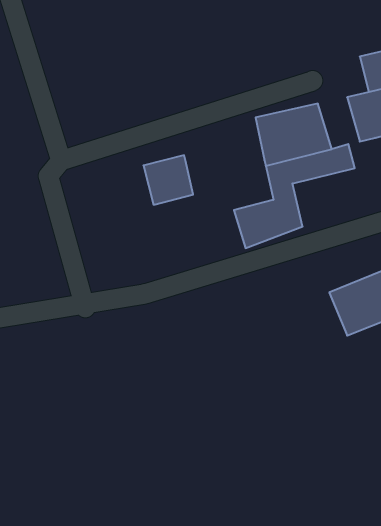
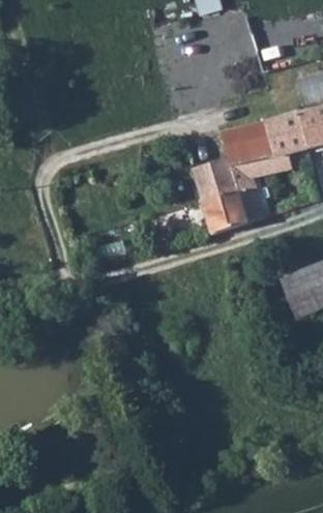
building: none -> [270,116,304,158]
building: [143,155,193,205] -> [194,168,234,208]

